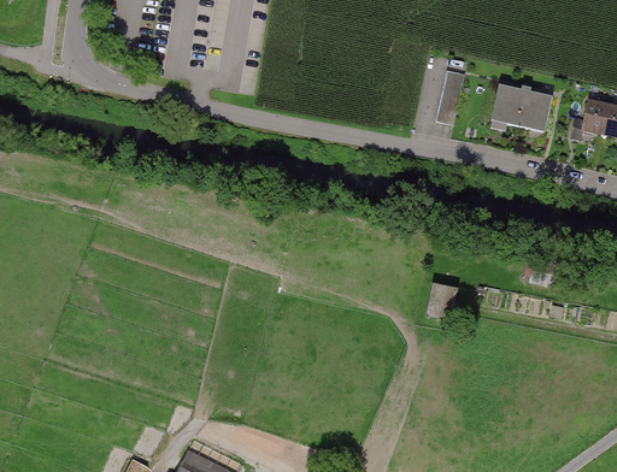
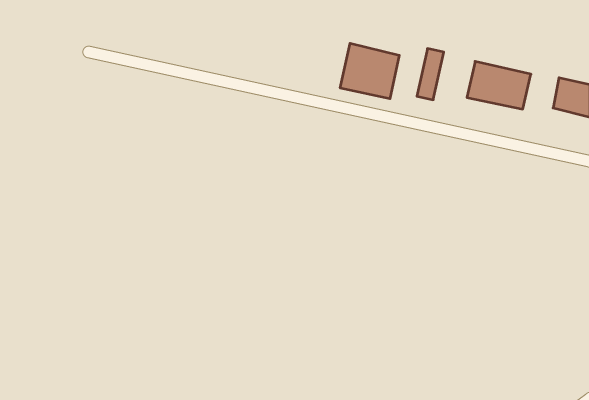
building: none -> [340,43,399,99]
building: [429,285,459,317] -> none

